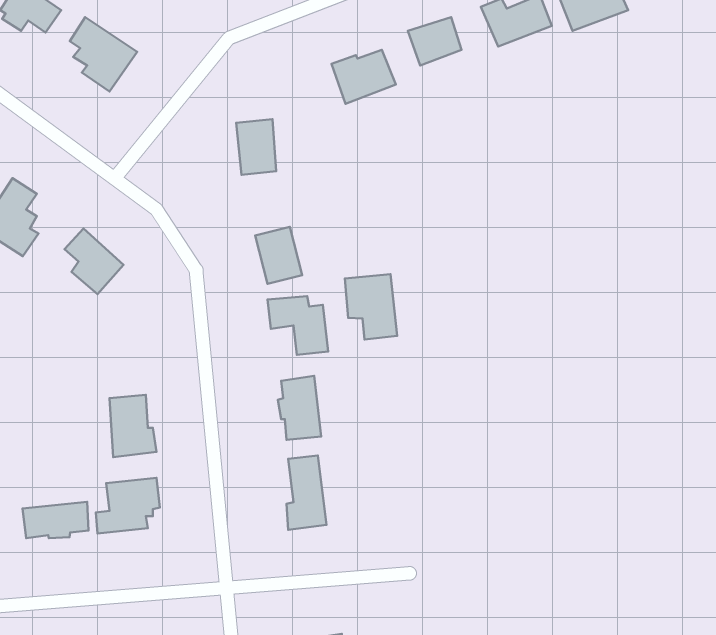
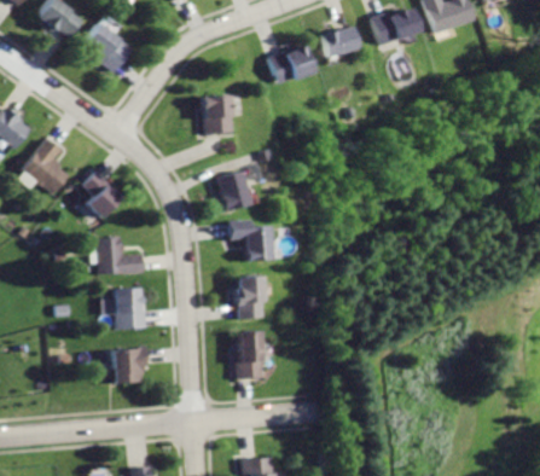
building: [345,274,397,340] -> none
building: none -> [95,237,141,275]
building: [22,502,89,538] -> none

